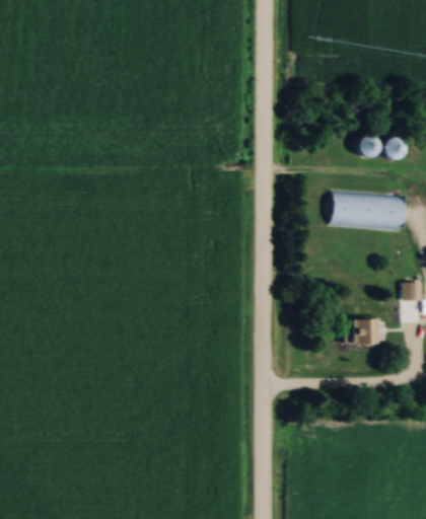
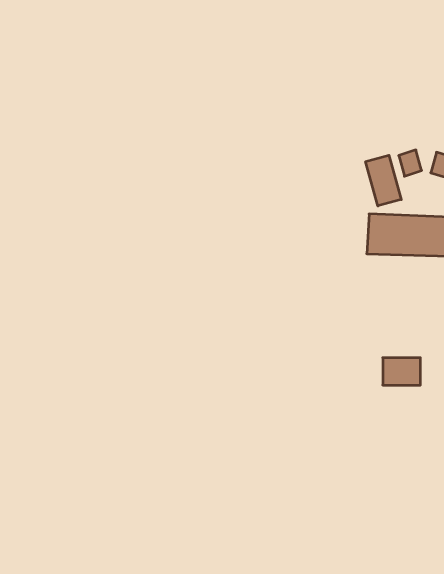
building: none -> [366,155,401,206]

